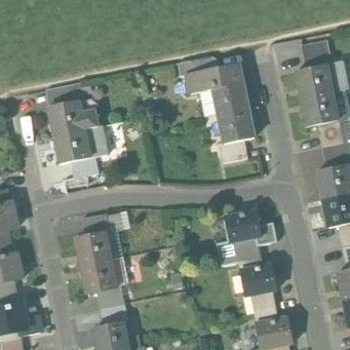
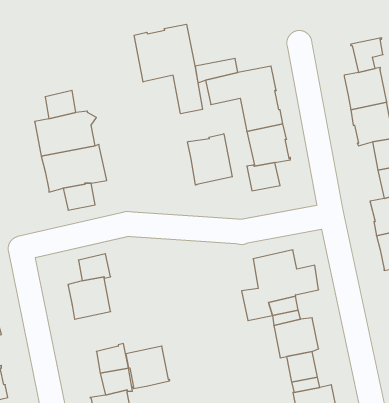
building: none -> [134,24,203,114]
building: none -> [187,134,232,185]
building: [81,260,116,294] -> [126,346,170,389]

